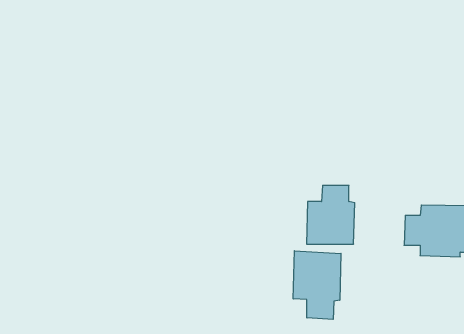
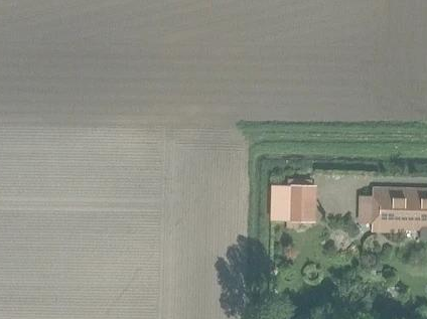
building: [293,251,341,319] -> none

